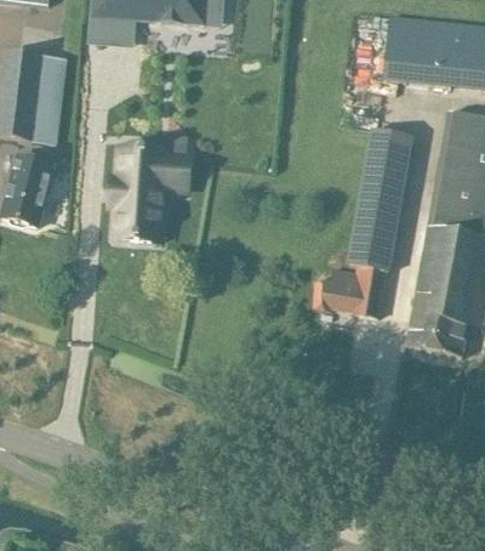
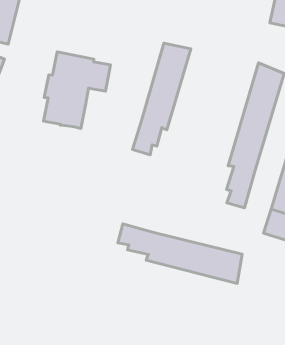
building: none -> [133,43,191,155]
building: [313,266,359,313] -> none
building: none -> [118,224,242,283]

